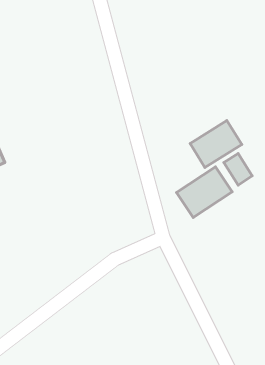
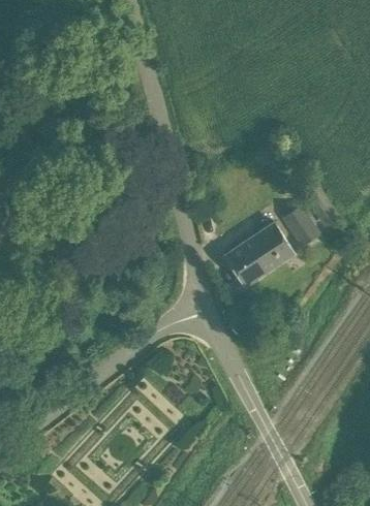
building: [190,120,242,168] -> none

